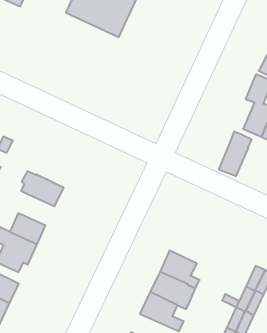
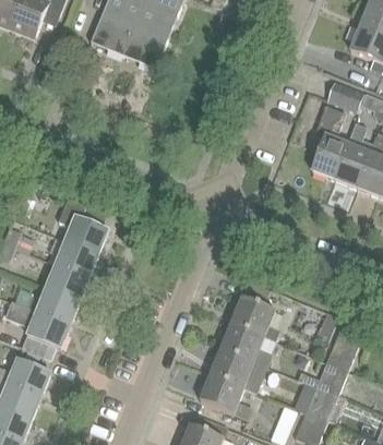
building: [219,131,251,176] -> none
building: none -> [59,196,109,253]
building: none -> [46,263,89,300]
building: none -> [231,296,279,340]

